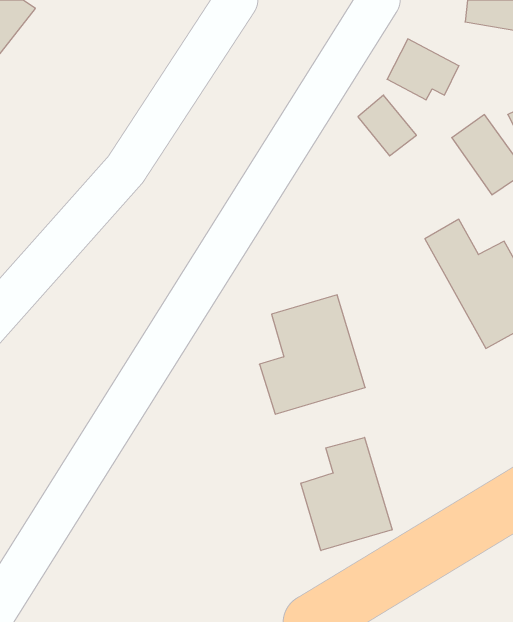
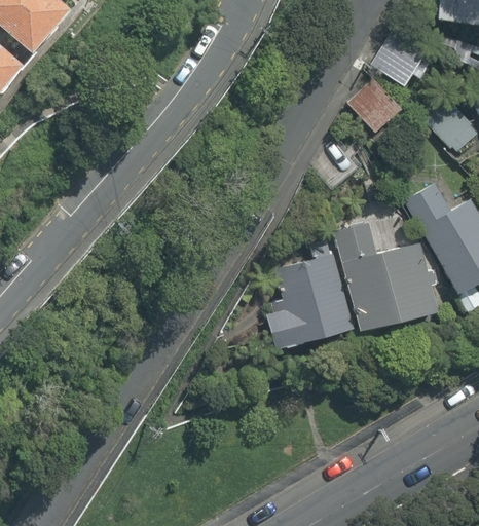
building: none -> [336,218,437,327]
building: [301,437,392,551] -> none

